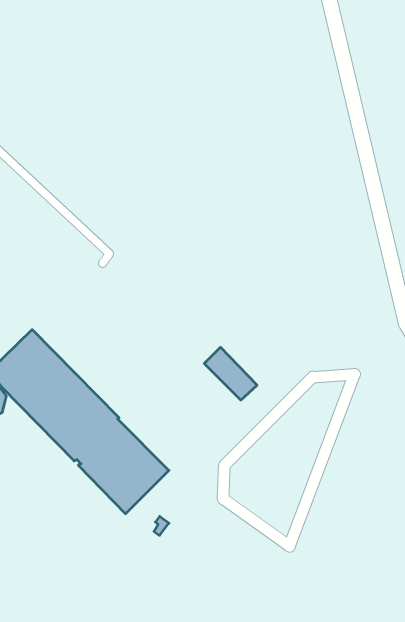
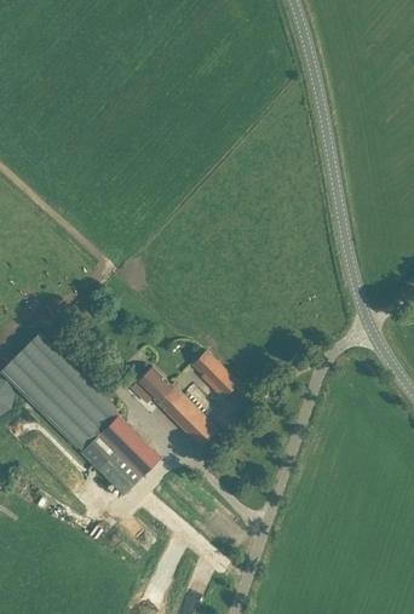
building: none -> [136,365,218,446]

